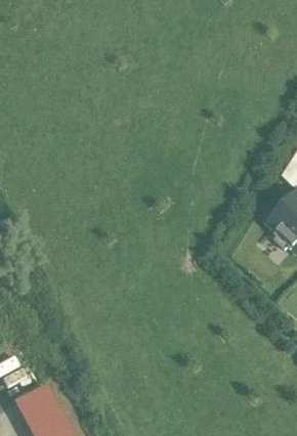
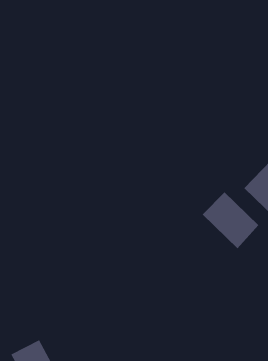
building: none -> [202,191,259,249]

